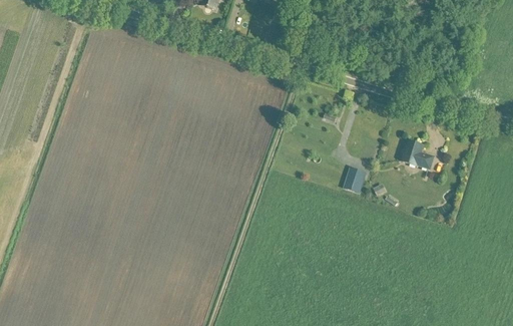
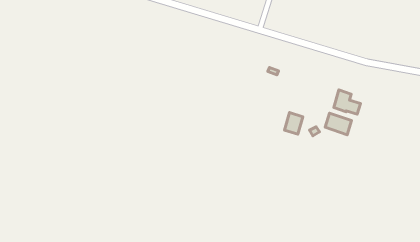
building: none -> [325,113,352,135]

